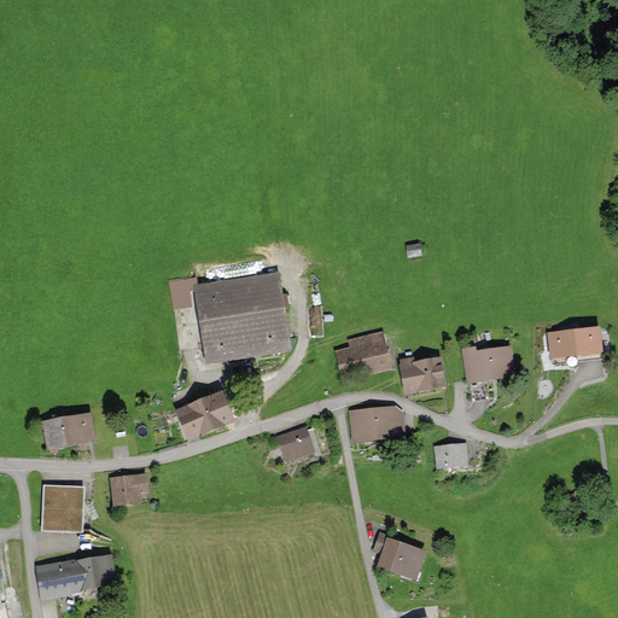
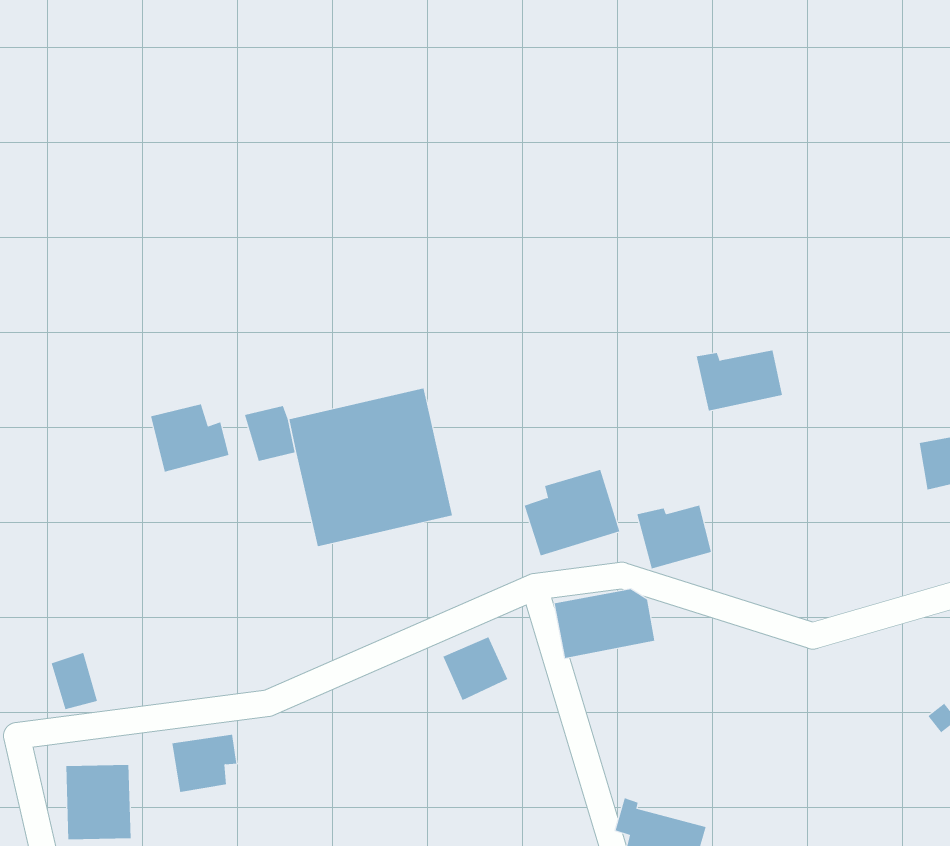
building: none -> [151,404,229,473]
building: [547,331,577,362] -> none
building: [462,346,513,381] -> [696,350,783,411]
building: [175,392,235,442] -> none
building: [60,409,97,445] -> none
building: [435,443,467,468] -> none

